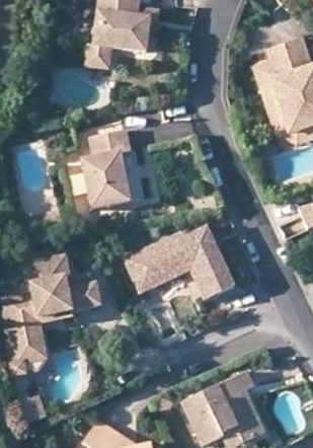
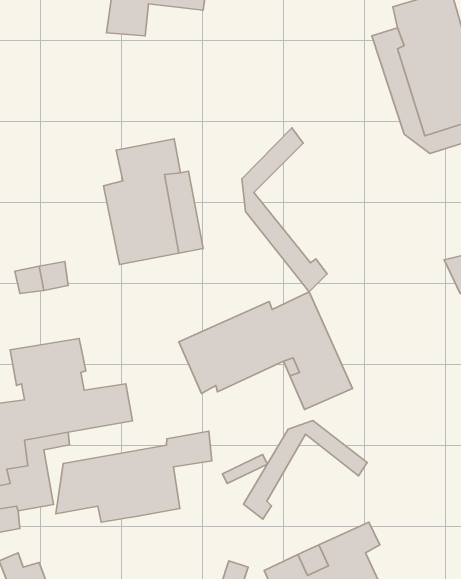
building: none -> [242,128,327,292]
building: none -> [244,420,367,519]
building: none -> [56,431,212,522]

